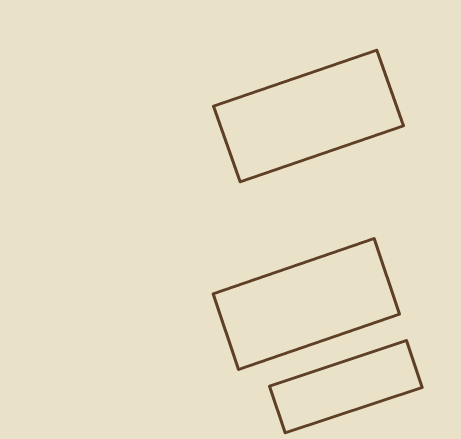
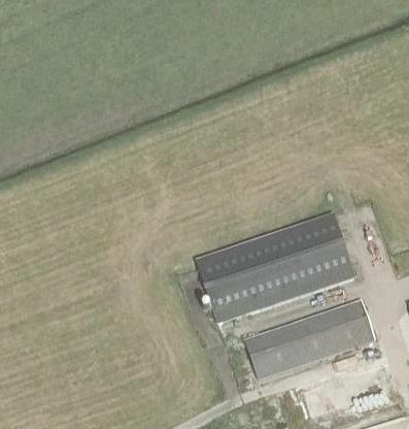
building: [213,50,404,182] -> none

